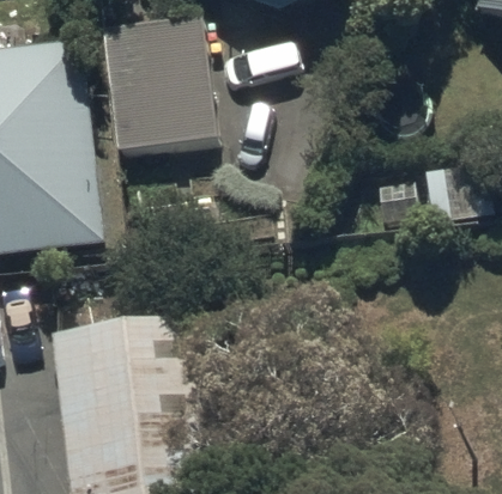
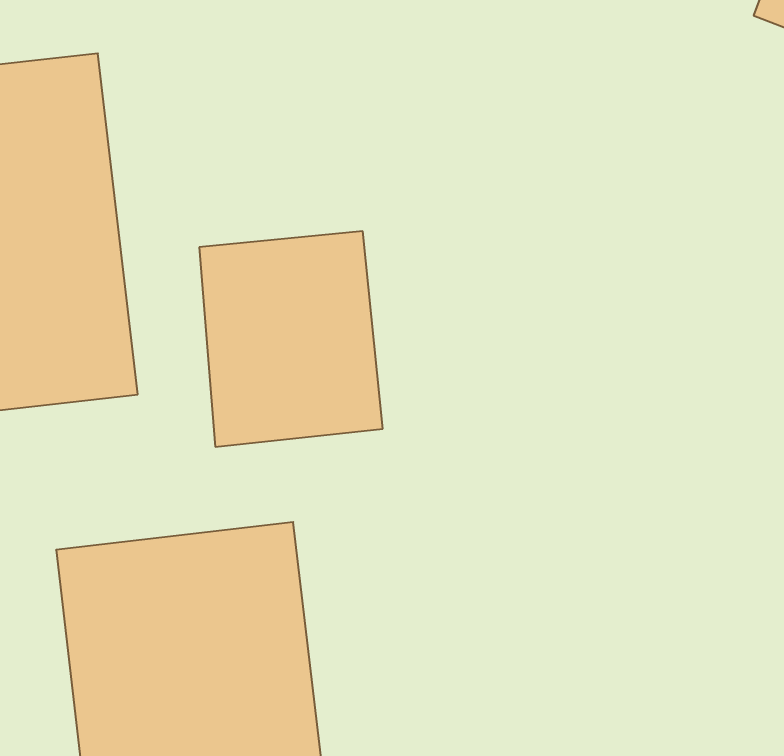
building: [104,20,214,150] -> [199,231,383,447]

